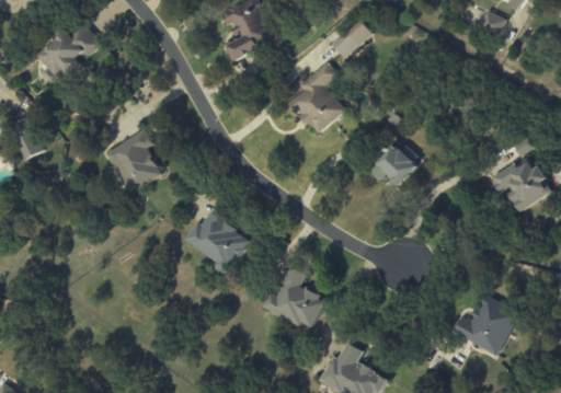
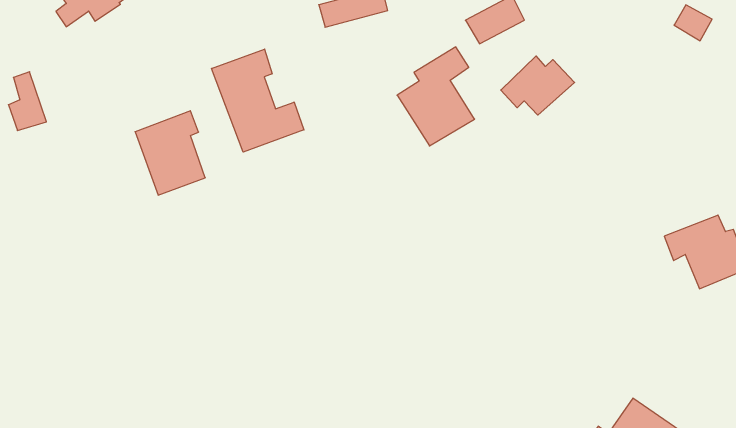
building: none -> [212,49,304,152]
building: [370,143,422,185] -> [501,56,575,115]
building: [184,211,251,276] -> none
building: [262,266,325,330] -> none

